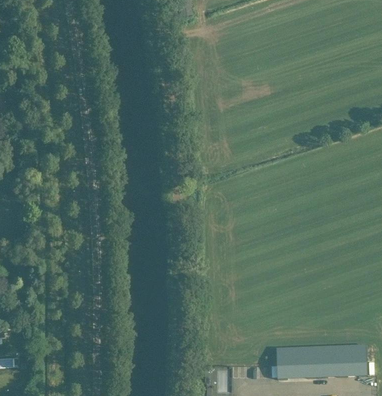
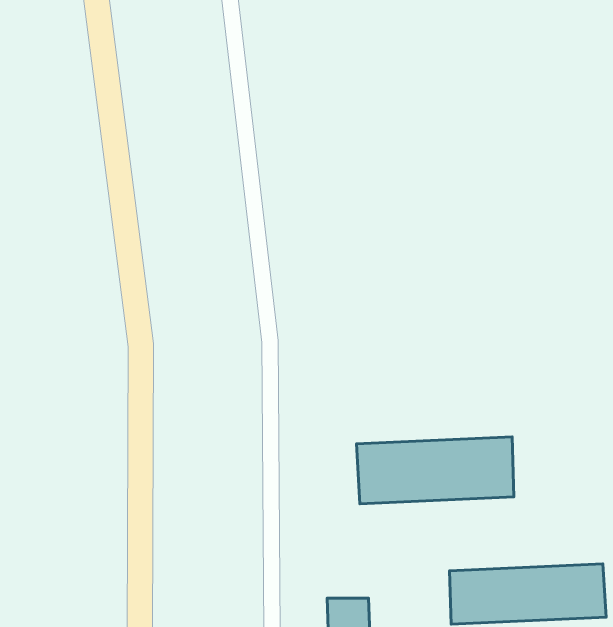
building: none -> [356,437,514,504]

